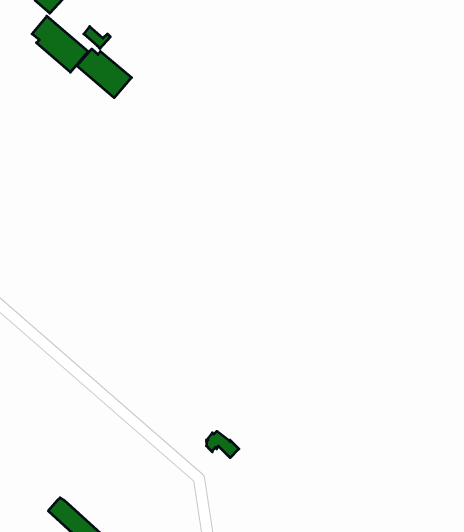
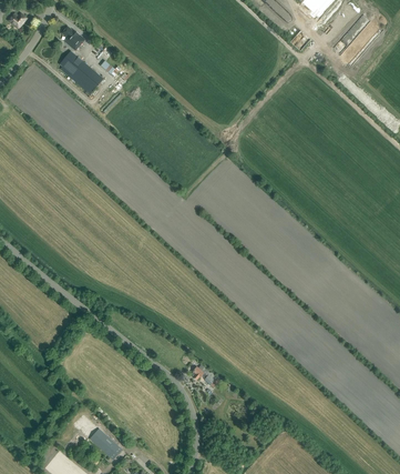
building: [77,49,132,98] -> none

